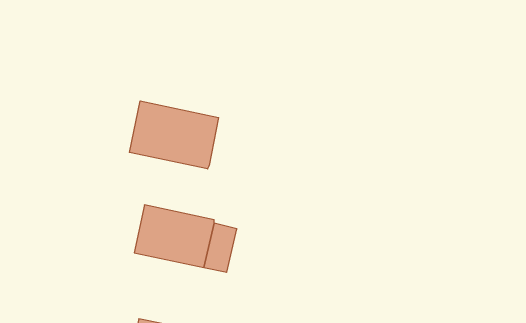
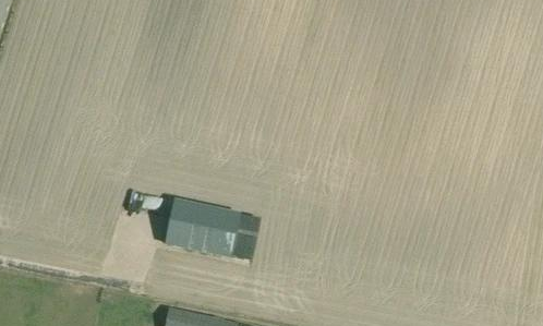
building: [129,101,219,169] -> none

